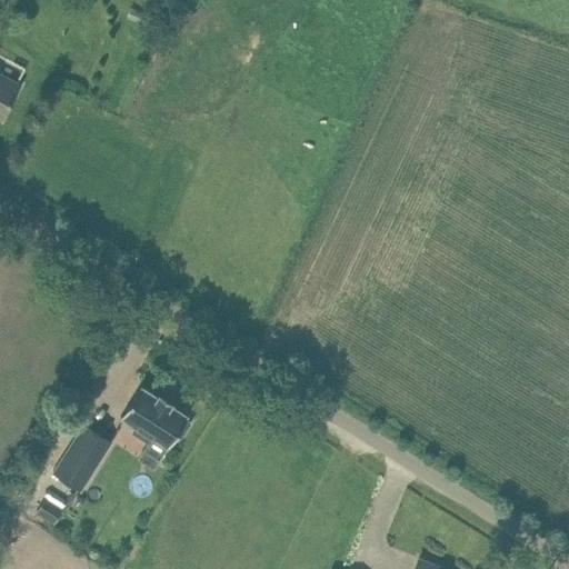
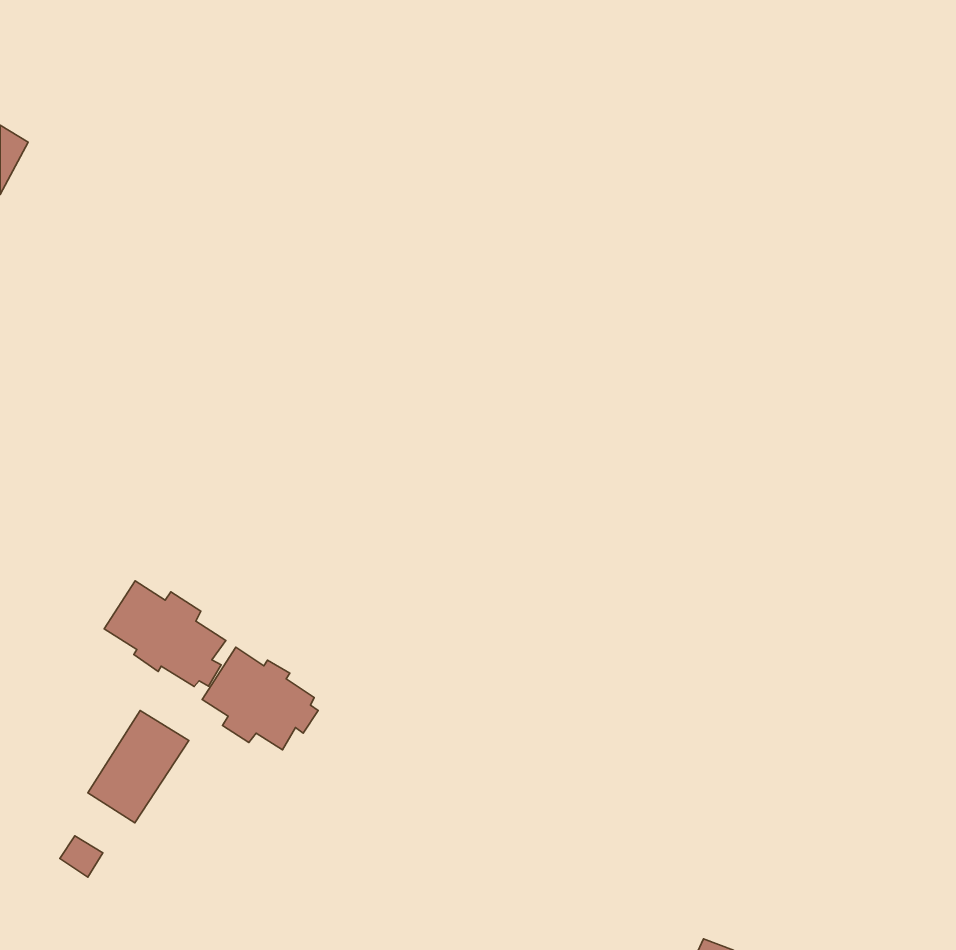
building: none -> [104,581,226,687]

